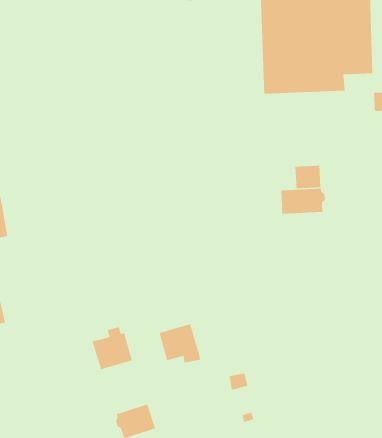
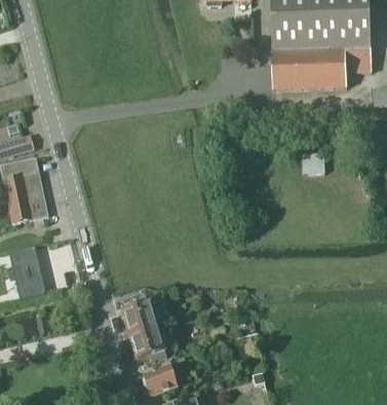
building: [280,188,326,214] -> none
building: [159,323,201,363] -> [129,327,167,363]

